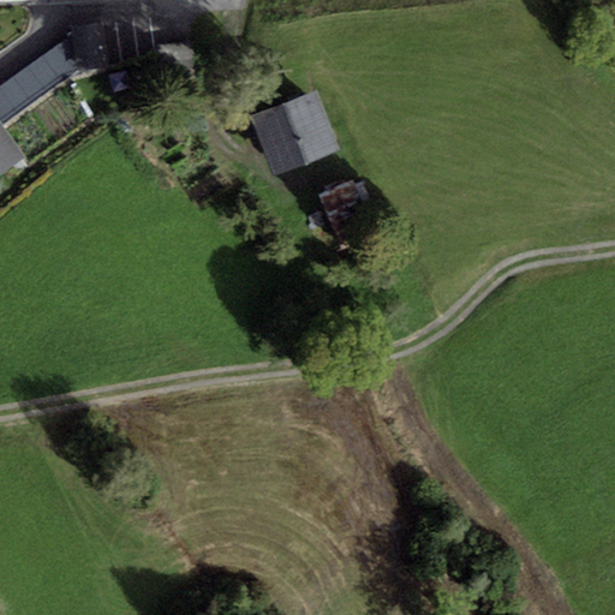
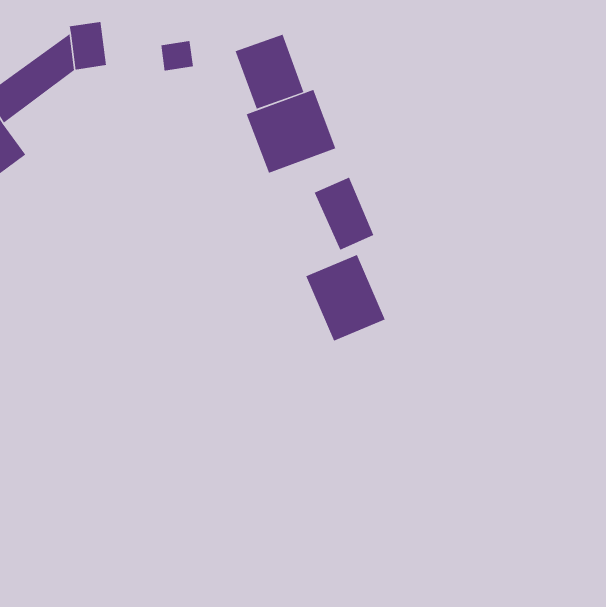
building: none -> [235,34,304,110]
building: none -> [305,254,386,342]

